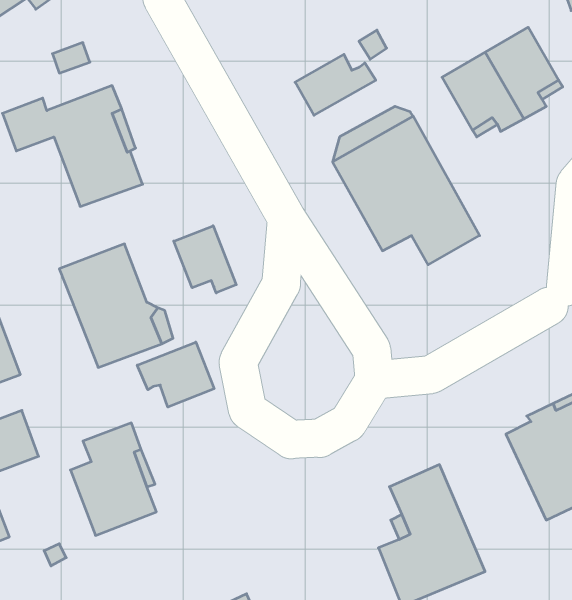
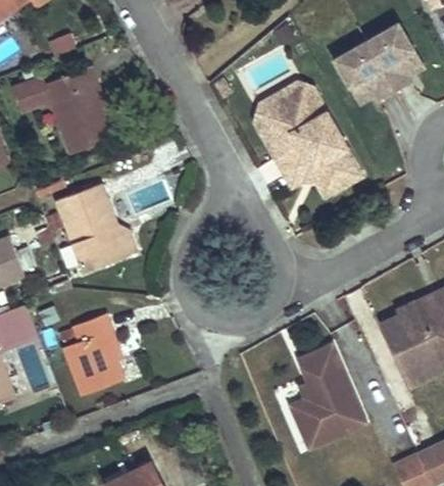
building: [295,54,376,115] -> none
building: [174,226,236,293] -> none
building: [137,342,214,407] -> none

